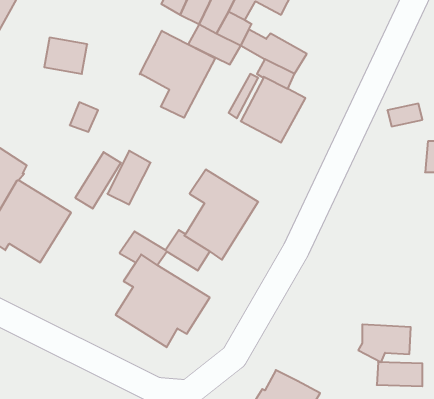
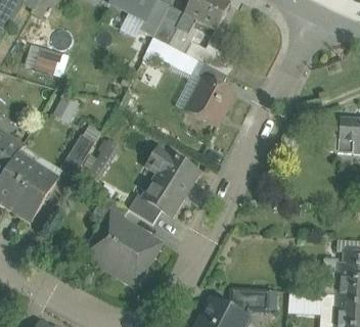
building: [140,31,215,118] -> none
building: [358,324,411,362] -> [228,287,268,316]

